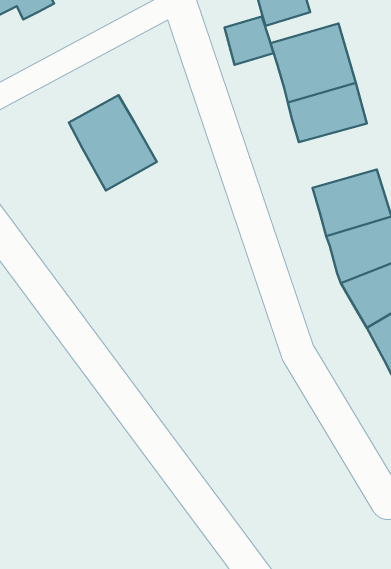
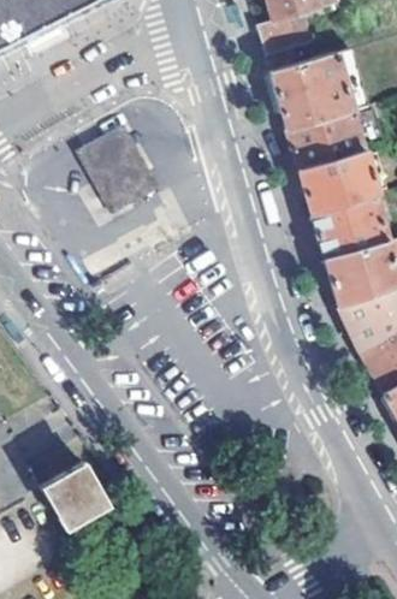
building: [224,16,273,65] -> none
building: none -> [298,149,378,212]
building: none -> [37,461,103,527]

